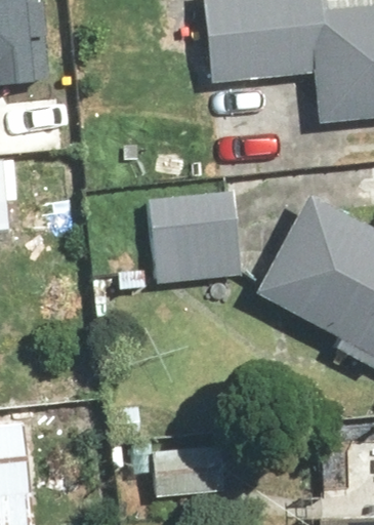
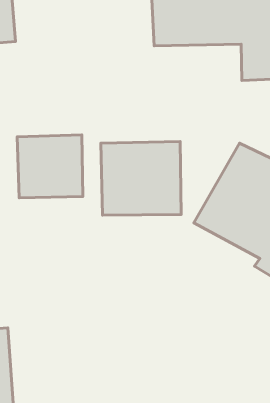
building: none -> [17,135,83,198]

